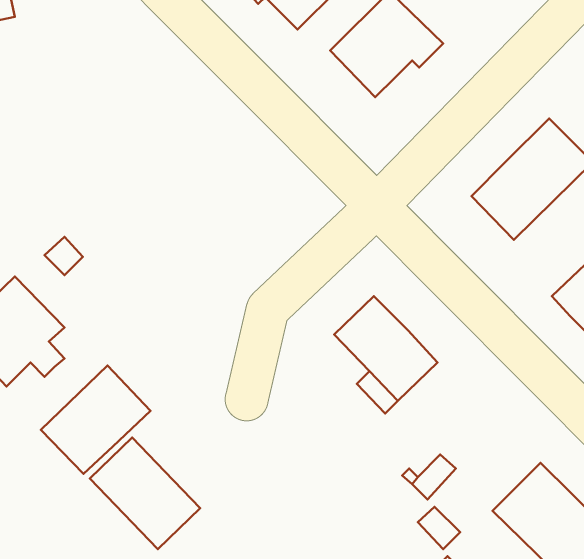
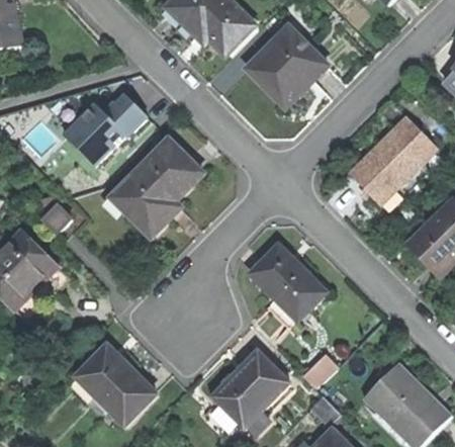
building: none -> [72,75,161,166]
building: none -> [111,140,202,235]
building: [41,366,151,474] -> none
building: none -> [214,352,289,428]

